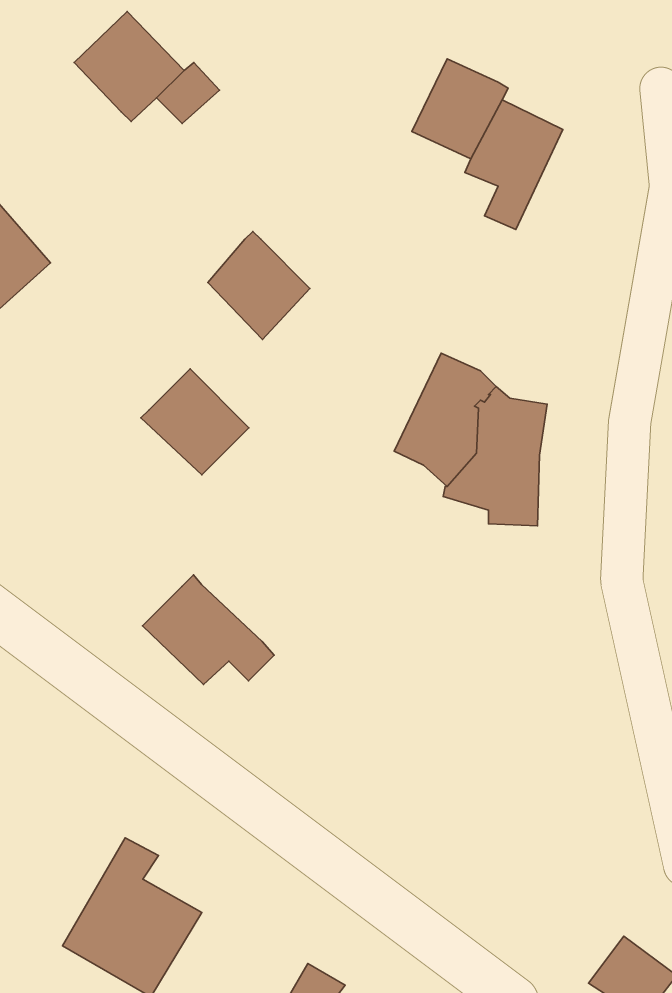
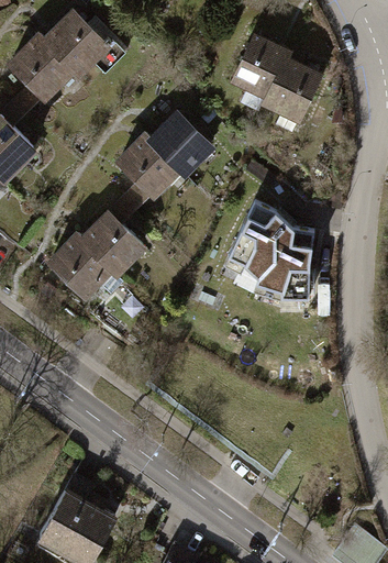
building: none -> [10,36,71,97]
building: none -> [149,114,210,174]
building: [143,575,274,685] -> [49,234,123,296]

